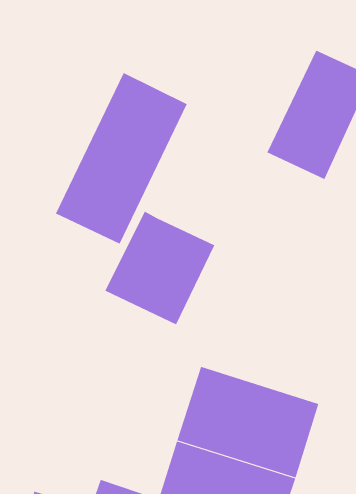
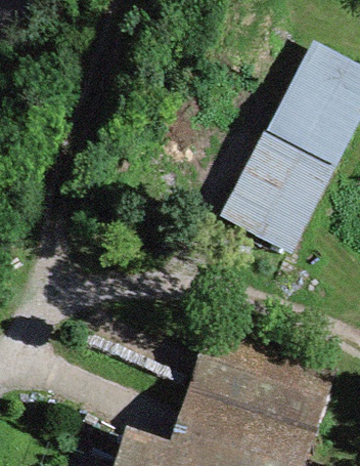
building: [55,72,188,244] -> none
building: [105,211,215,325] -> [227,146,326,249]

